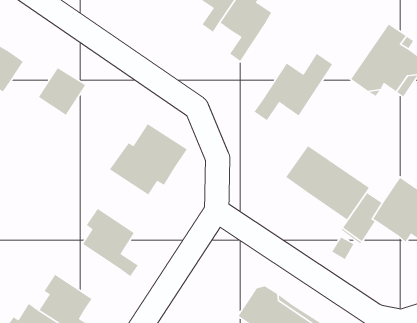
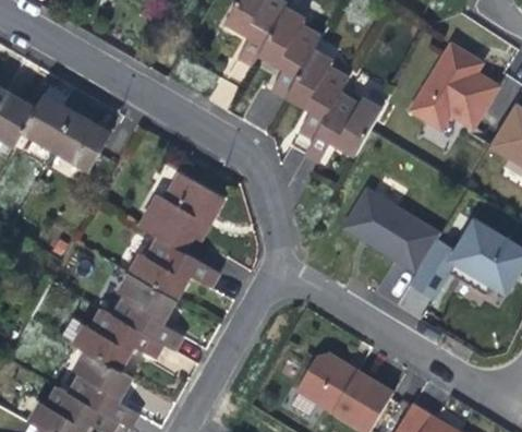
building: none -> [284,50,344,139]
building: none -> [22,86,74,149]
building: none -> [129,239,216,299]
building: none -> [73,309,159,371]

